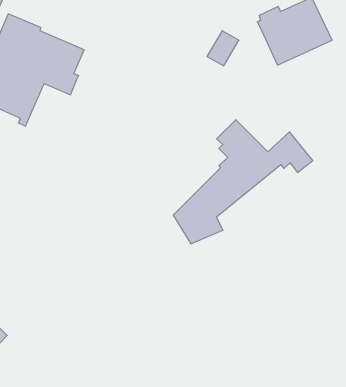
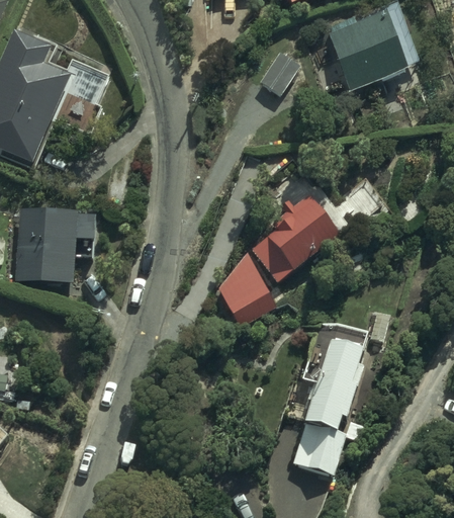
building: none -> [16,208,97,282]
building: none -> [291,324,368,478]

